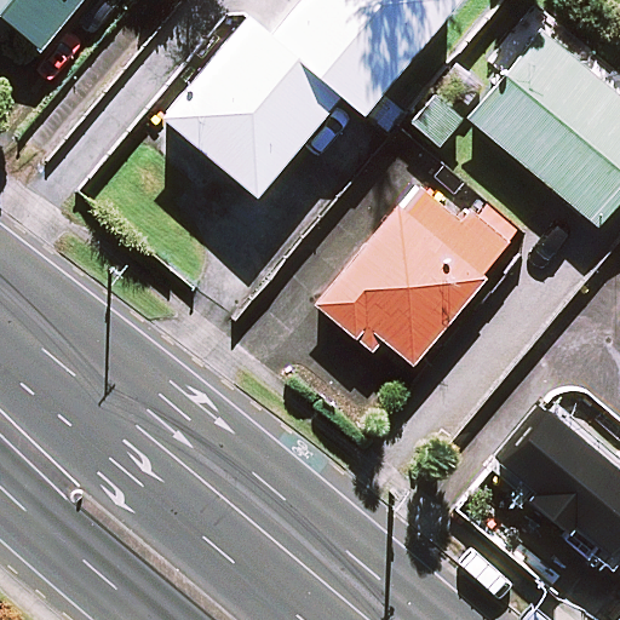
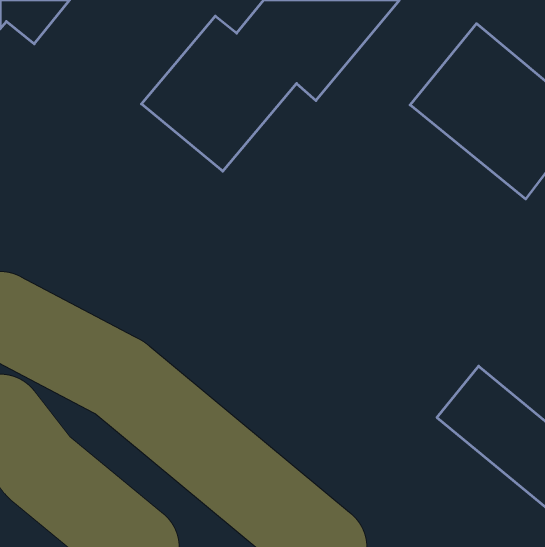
building: [318,170,518,364] -> none

